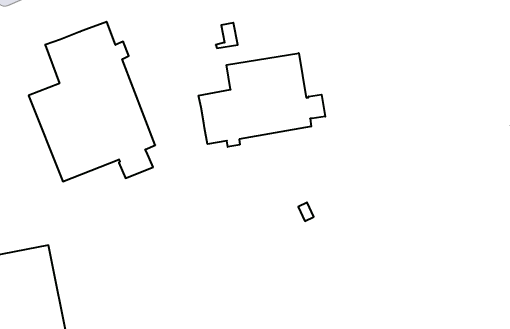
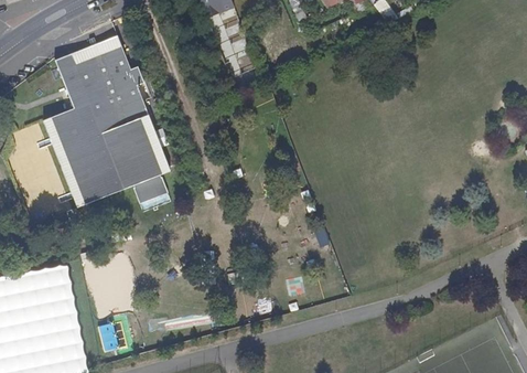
building: [199,53,325,147] -> none

